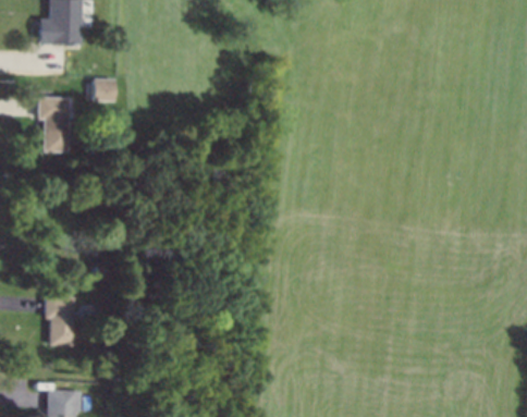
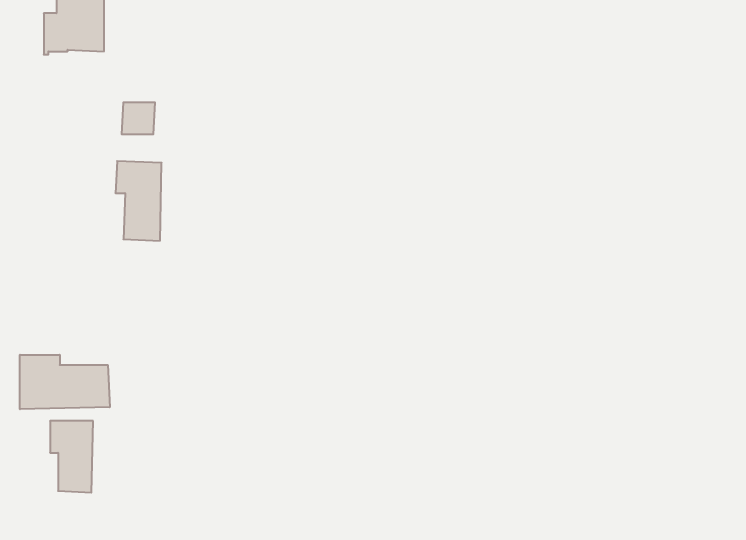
building: [39,98,71,152] -> [115,161,162,241]
building: none -> [20,355,110,409]

